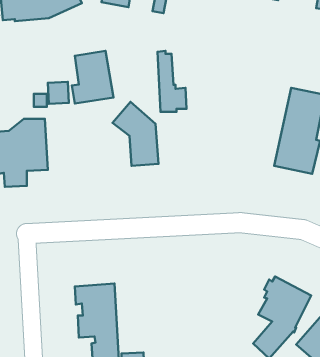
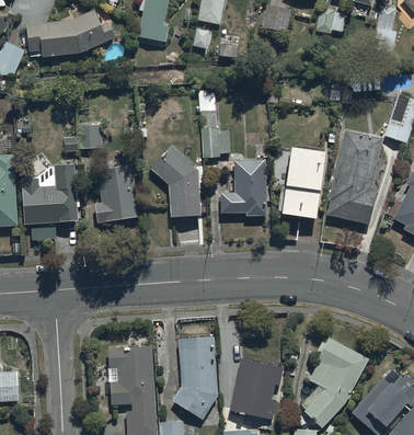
building: [72,51,114,104] -> [93,164,139,222]
building: none -> [281,146,325,217]
building: none -> [220,159,266,216]
building: none -> [172,336,216,419]
building: none -> [229,358,283,420]

